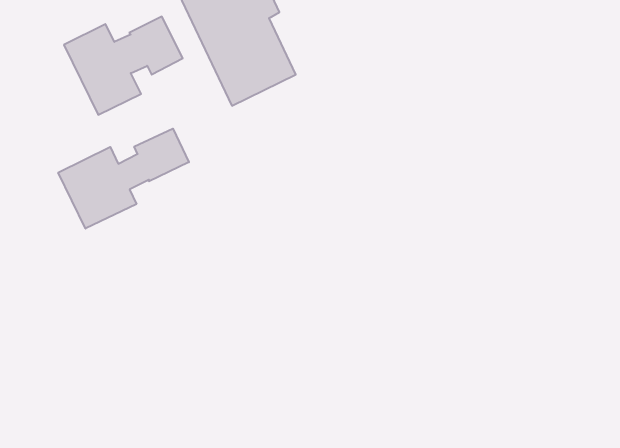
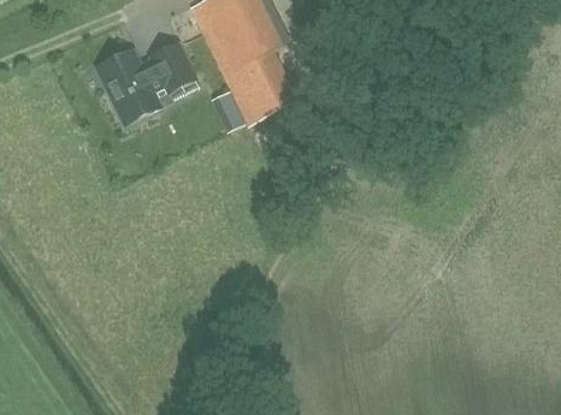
building: [58,129,189,229] -> none

